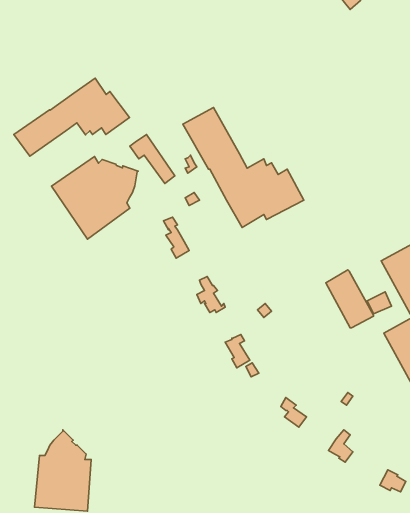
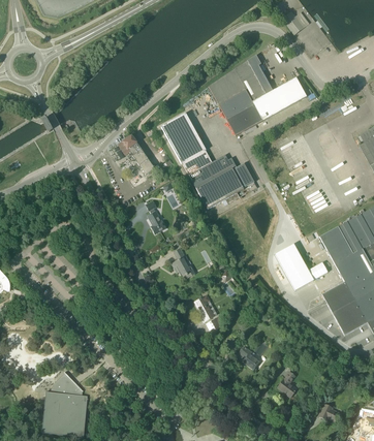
building: none -> [208,55,306,136]
building: [14,78,130,156] -> none
building: [51,157,138,239] -> none

